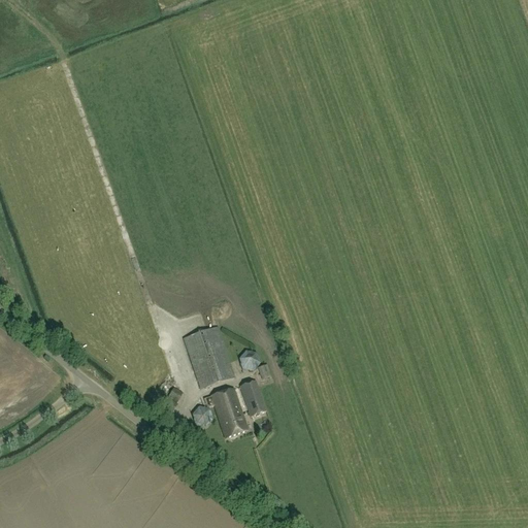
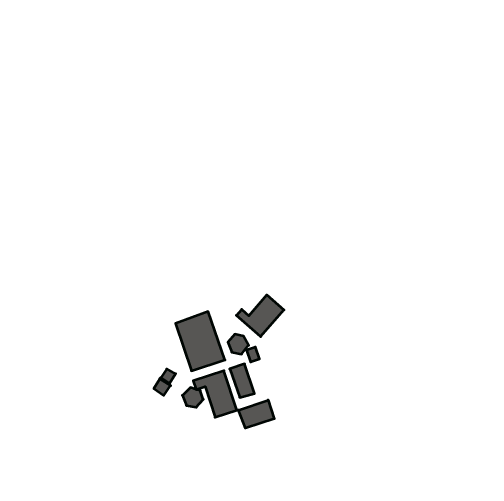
building: none -> [236,295,284,337]
building: none -> [238,400,274,428]

